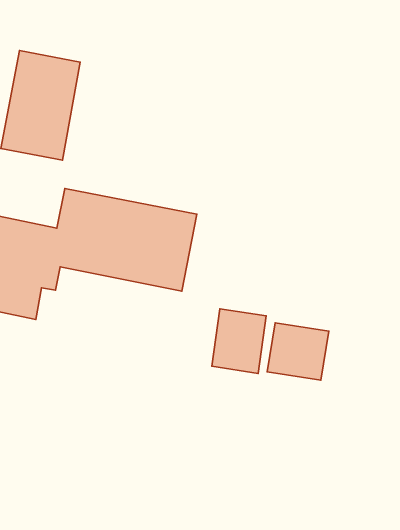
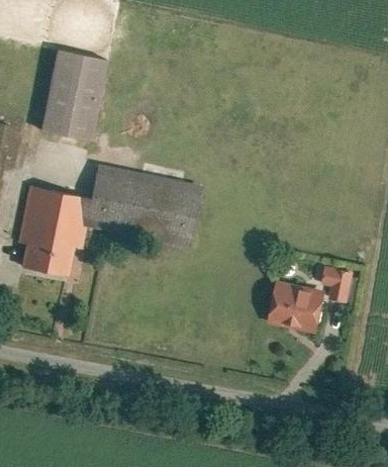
building: none -> [321,266,352,300]
building: [212,309,266,373] -> none

